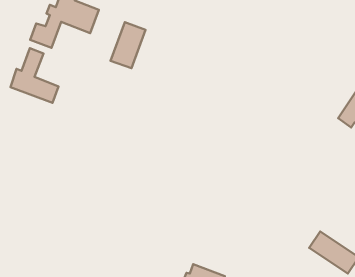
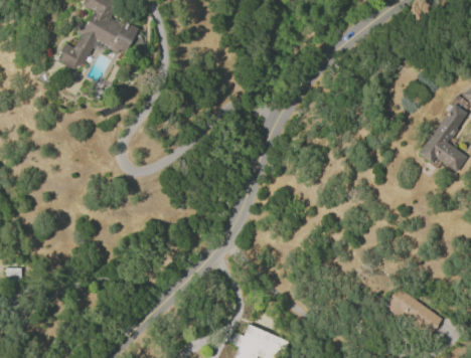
building: [110,22,146,68] -> none
building: [11,48,59,103] -> none

